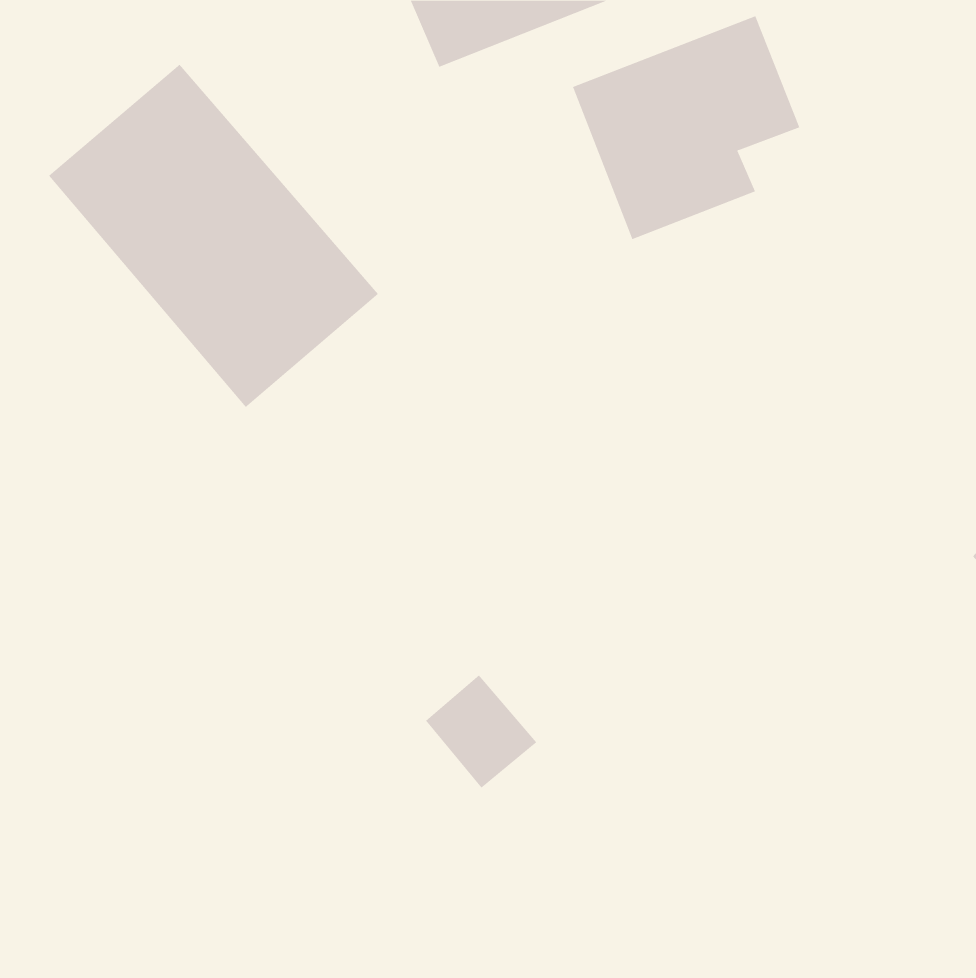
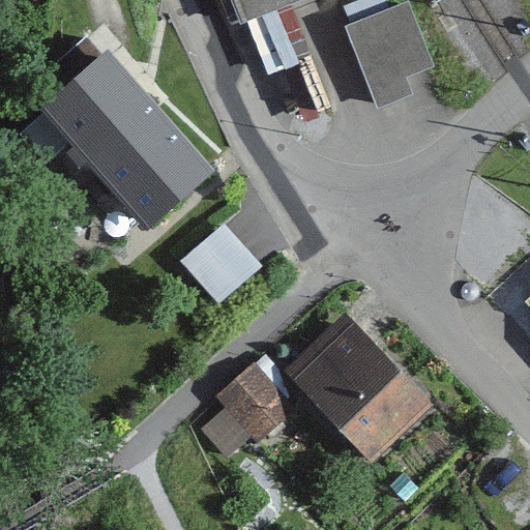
building: none -> [182,214,268,299]
building: none -> [287,314,437,467]

